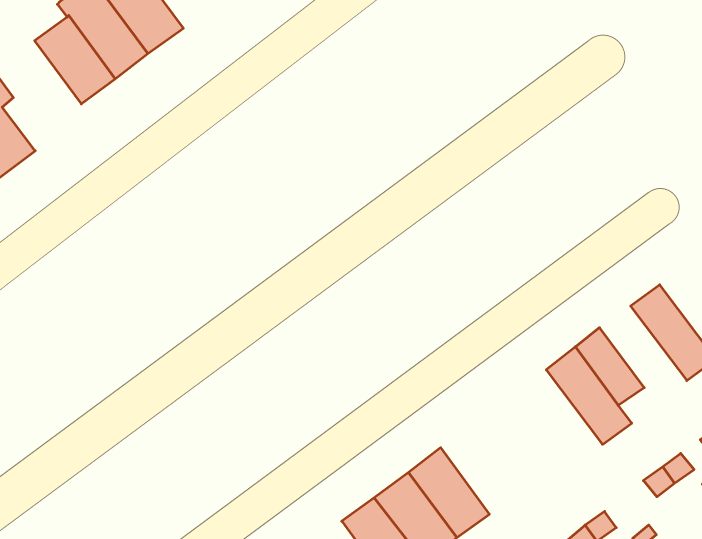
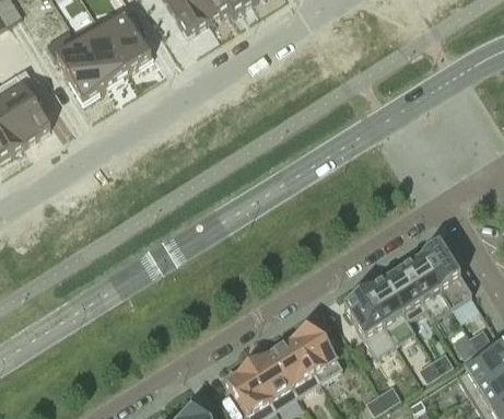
building: none -> [400,256,453,319]
building: none -> [344,292,396,354]
building: none -> [293,323,342,381]

